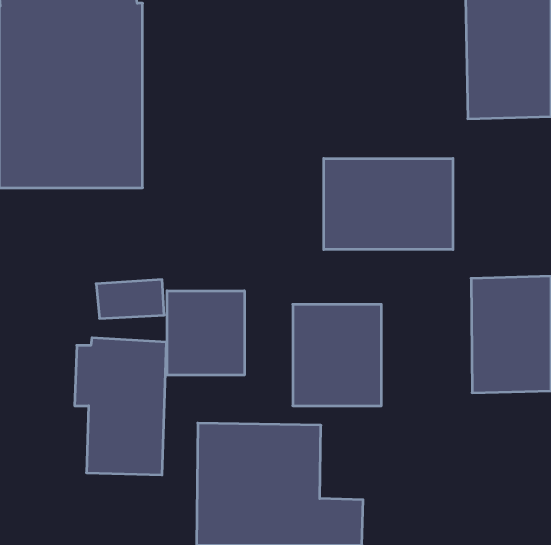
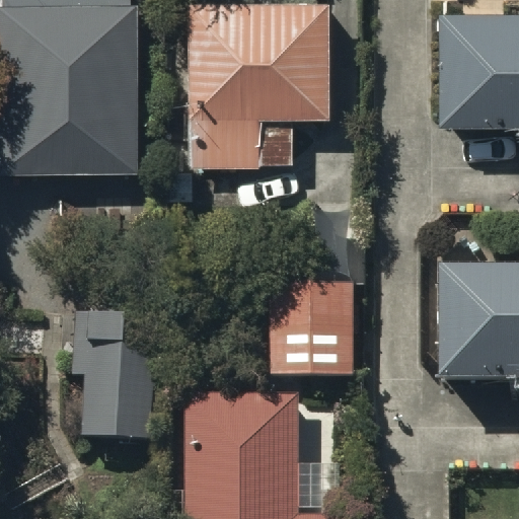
building: none -> [193,4,329,166]
building: [324,158,453,250] -> none
building: [167,291,244,375] -> none

